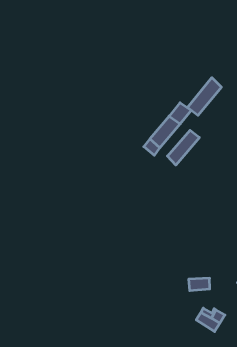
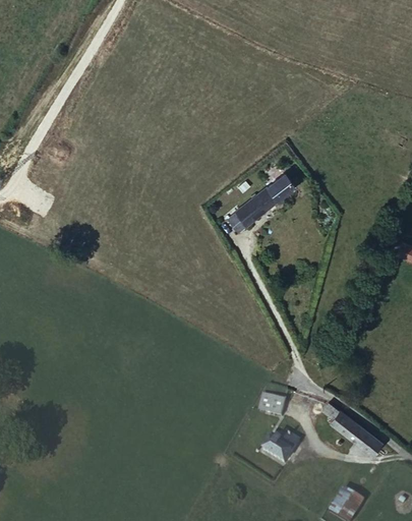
building: [187,78,221,115] -> none
building: [167,130,199,165] -> none

